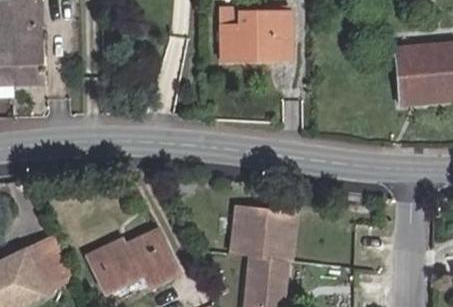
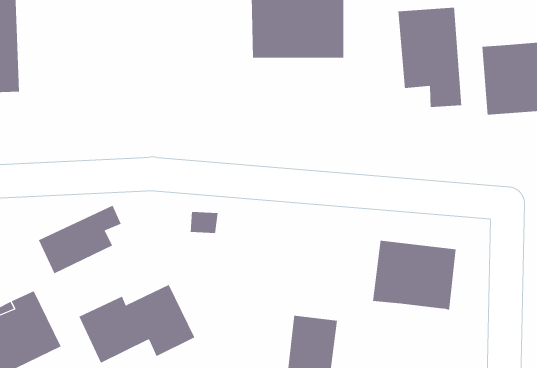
building: none -> [398,7,462,108]
building: none -> [38,205,121,274]
building: [231,207,296,261] -> [372,240,456,310]

